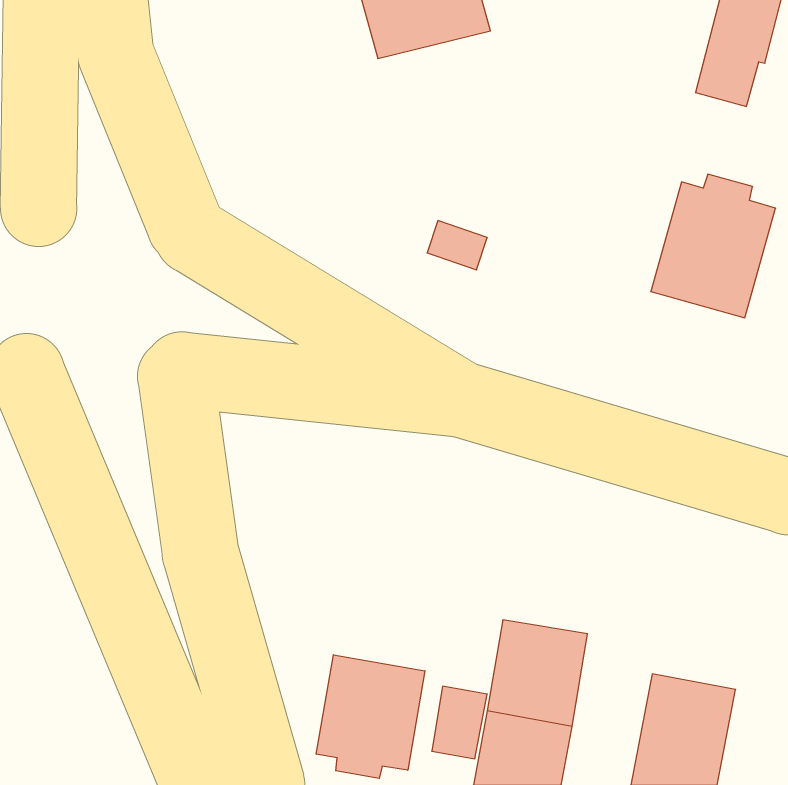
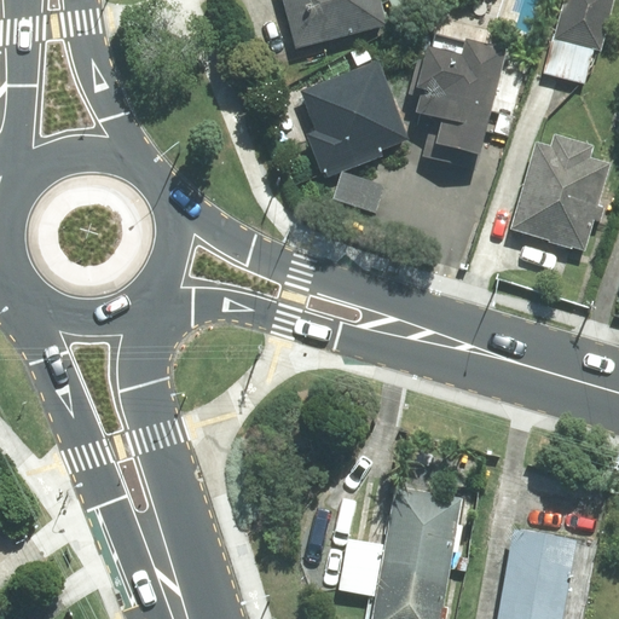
building: none -> [416,44,503,154]
building: none -> [300,62,406,178]
building: [316,655,425,778] -> none

